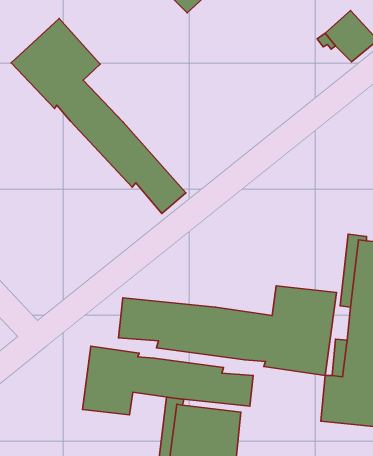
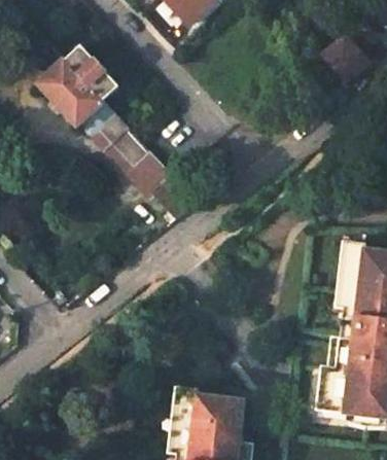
building: [119,286,336,376] -> none
building: [82,346,253,415] -> none

